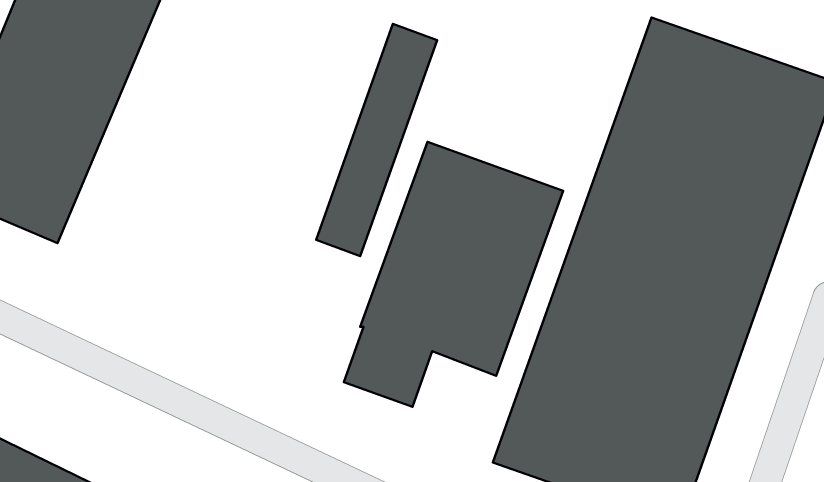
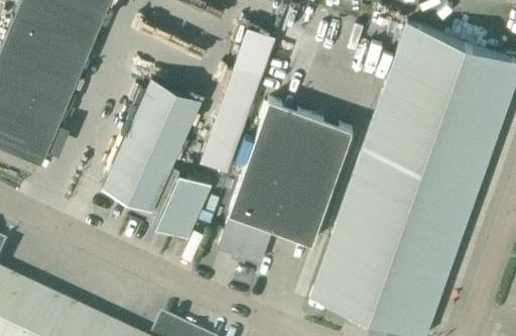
building: none -> [103,74,212,235]

